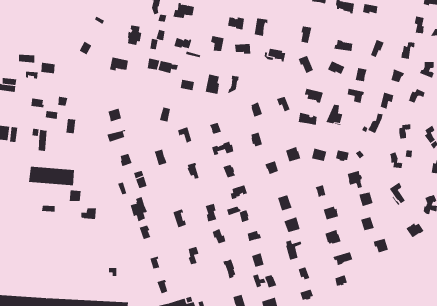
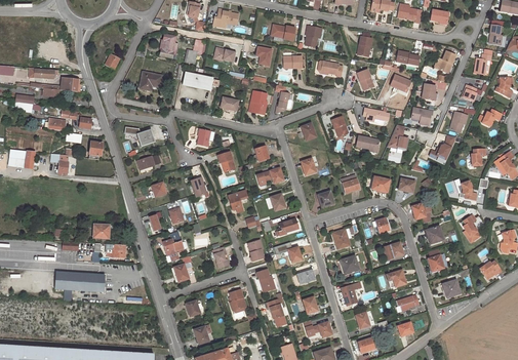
building: [28,166,75,186] -> [51,270,105,292]

